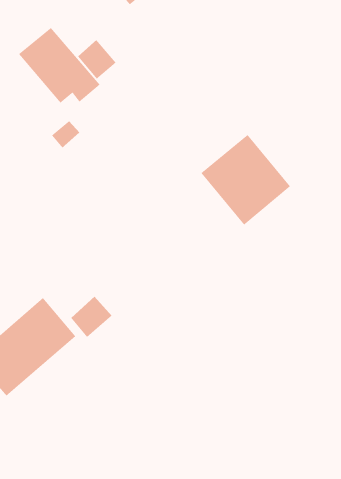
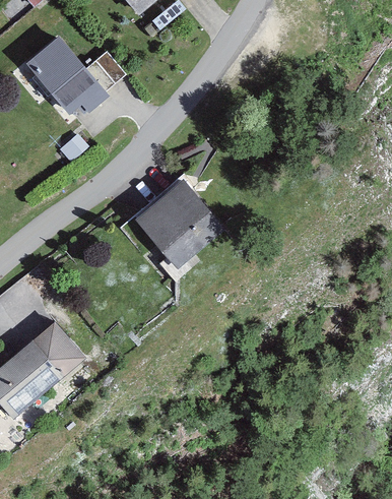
building: [201,134,291,225] -> [133,178,224,270]
building: [70,296,112,338] -> none

